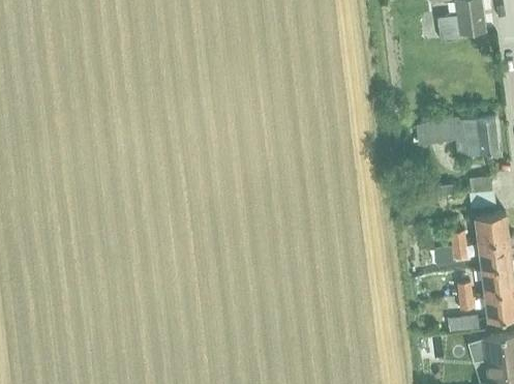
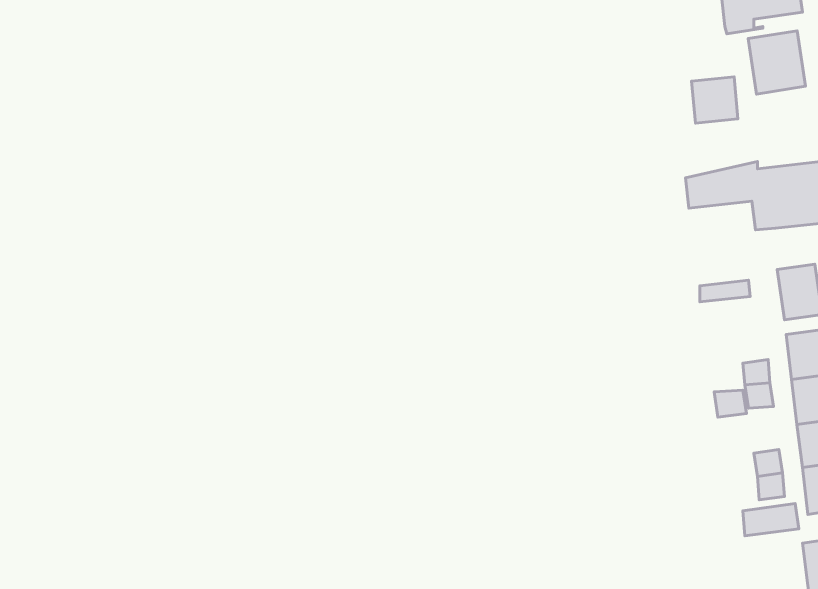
building: none -> [748,31,805,94]
building: none -> [692,77,738,123]

